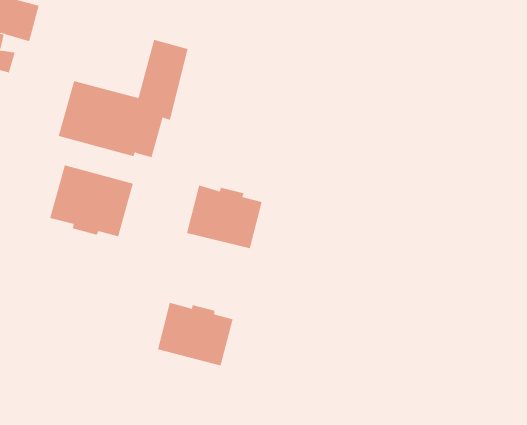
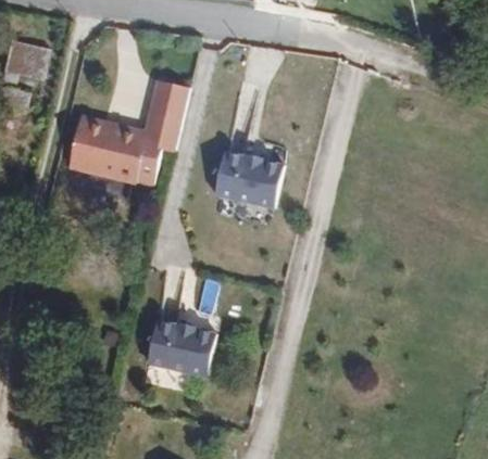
building: [50,165,133,237] -> none
building: [186,185,263,249] -> [222,146,290,204]

